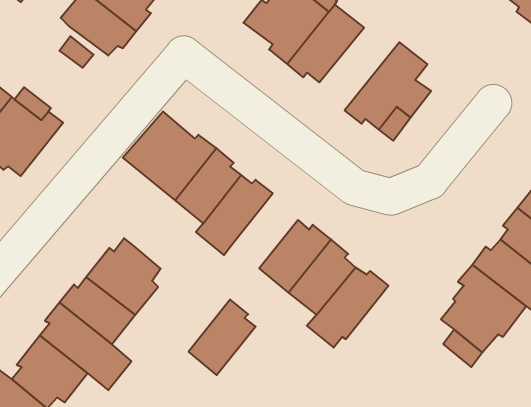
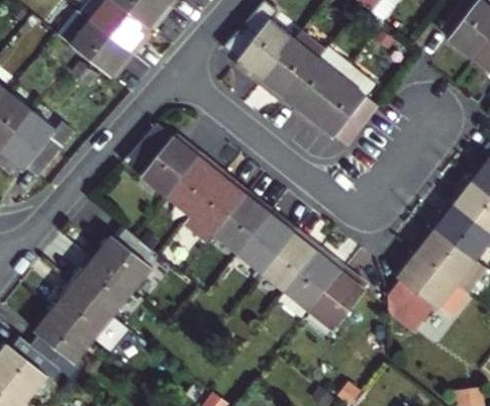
building: none -> [286,46,353,122]
building: none -> [308,268,366,332]
building: [189,300,256,375] -> [213,191,269,253]

